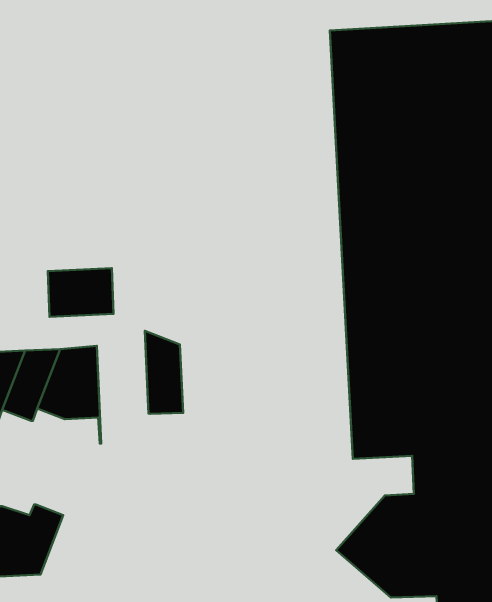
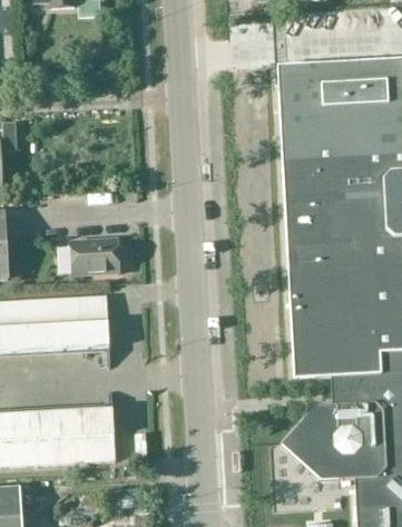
building: [145,331,183,414] -> none
building: none -> [66,389,116,462]

